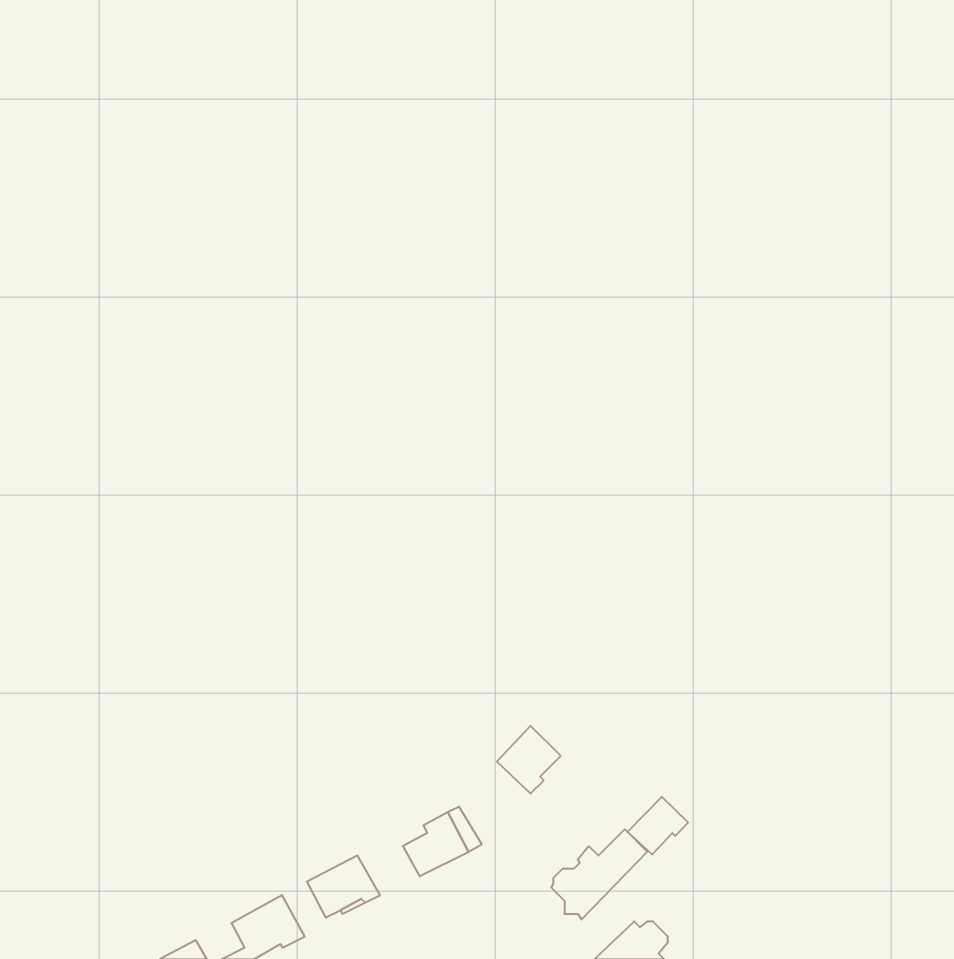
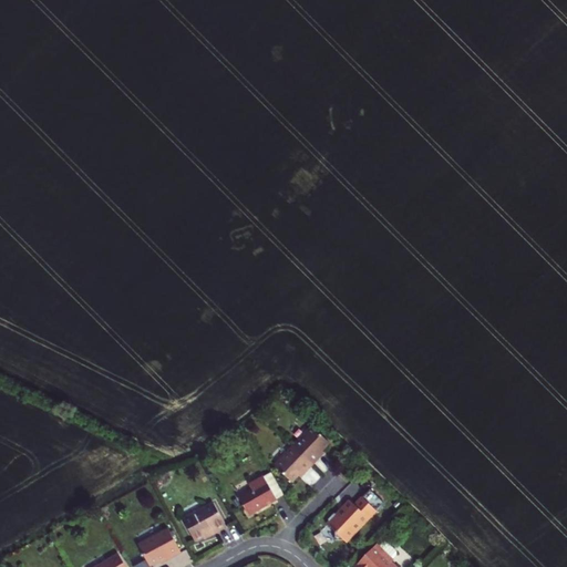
building: none -> [275,449,312,485]
building: [627,797,688,855] -> none

